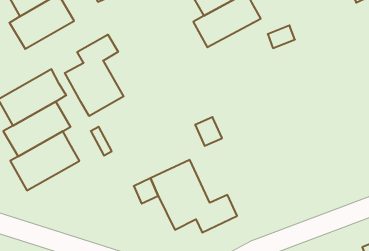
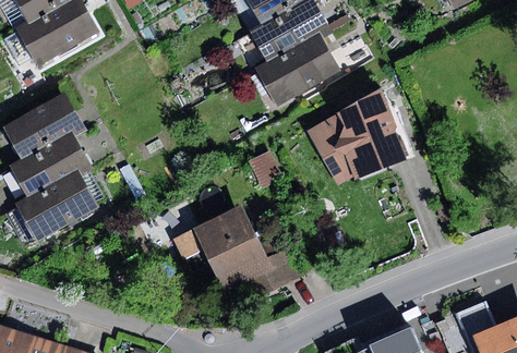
building: none -> [253,34,339,107]
building: [65,35,124,116] -> none
building: none -> [306,88,405,185]

